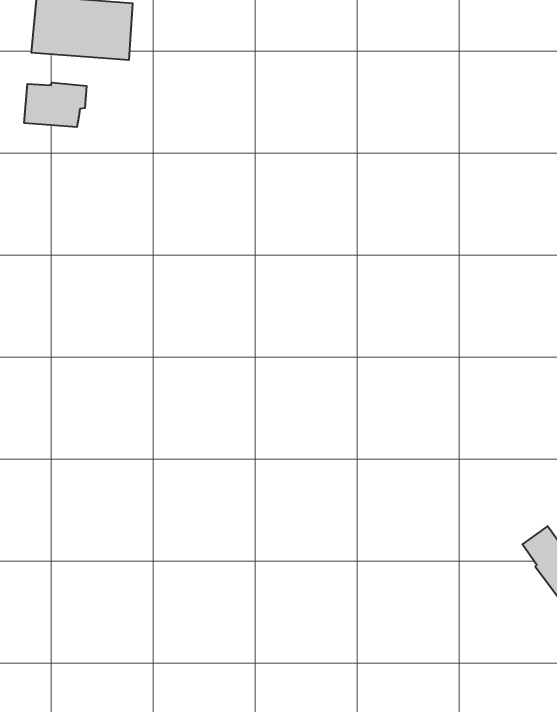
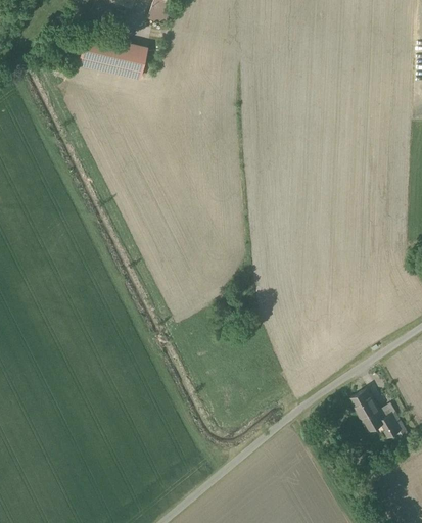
building: [24,82,87,127] -> none

